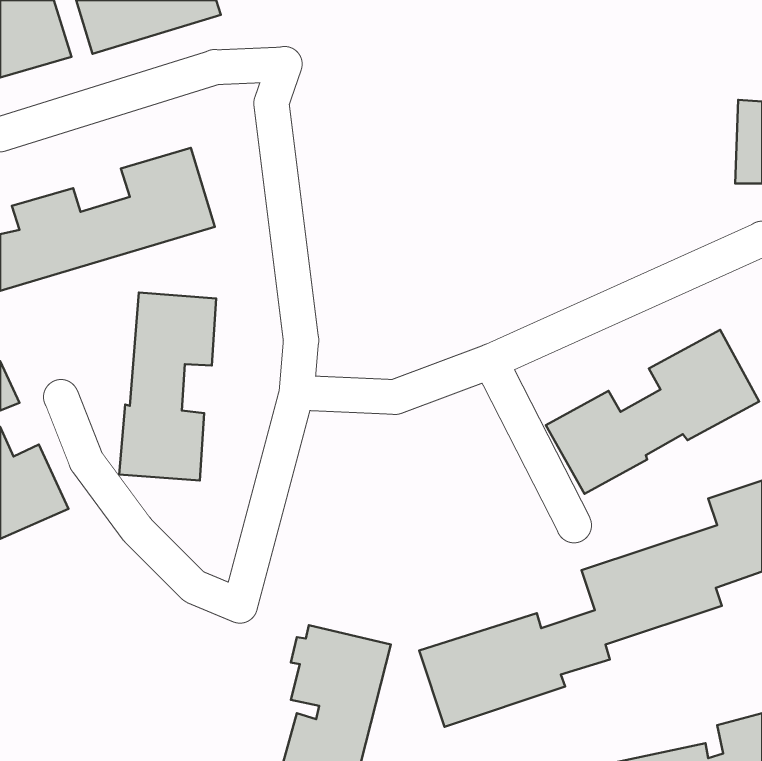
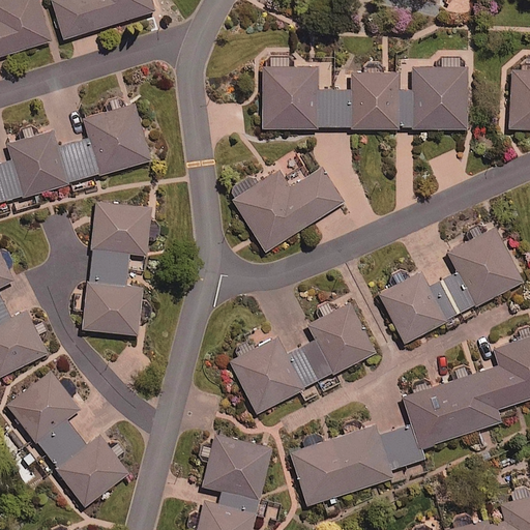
building: none -> [262,54,467,128]
building: none -> [228,168,343,251]
building: none -> [232,300,377,415]
building: none -> [8,373,128,506]

